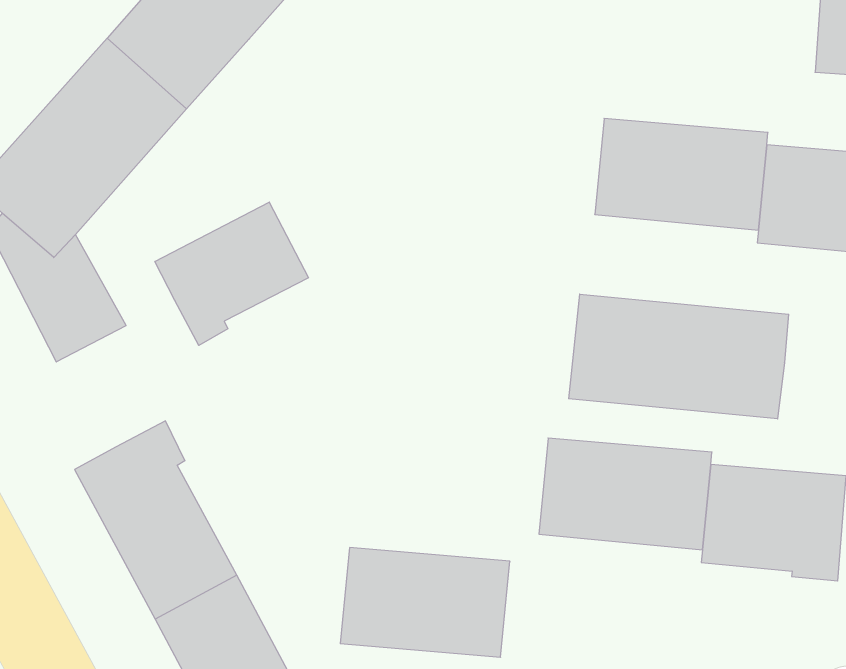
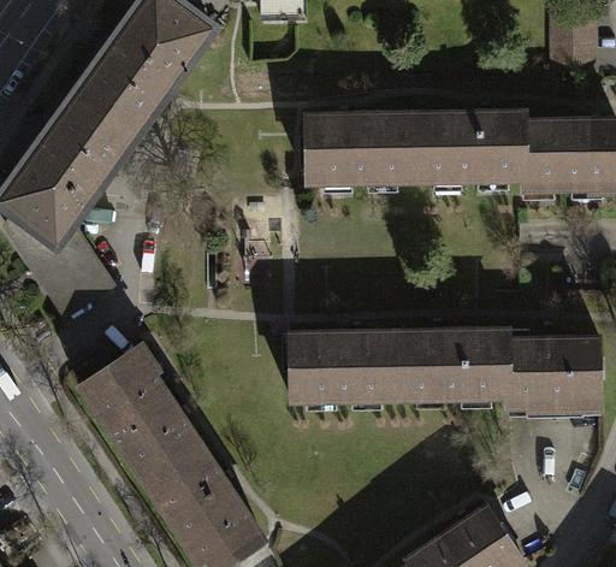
building: none -> [306,114,414,181]
building: [155,202,308,345] -> none
building: [569,294,789,419] -> none
building: [340,548,510,657] -> [289,332,397,398]

